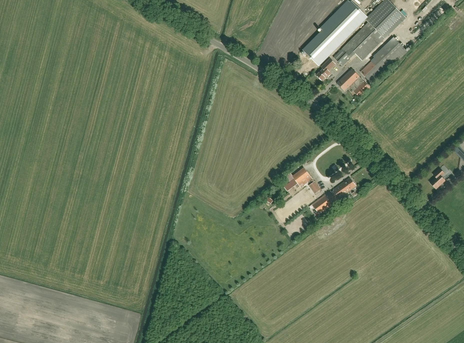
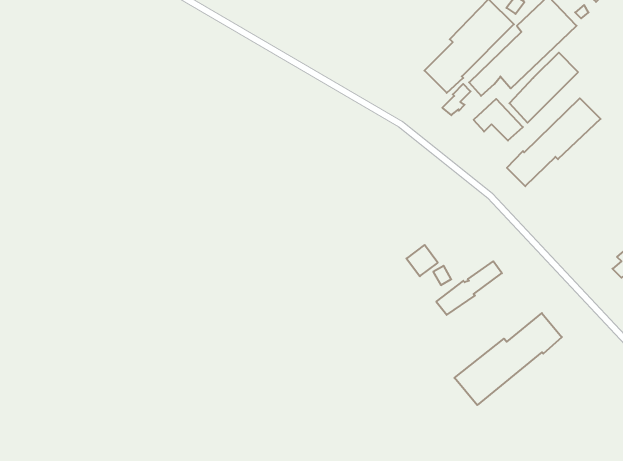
building: none -> [507,98,601,186]
building: none -> [454,313,562,405]

